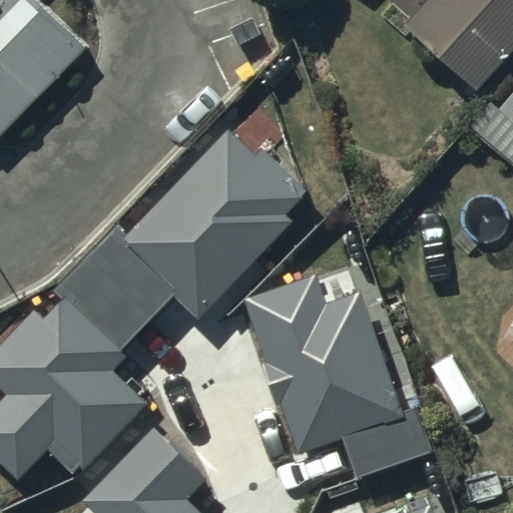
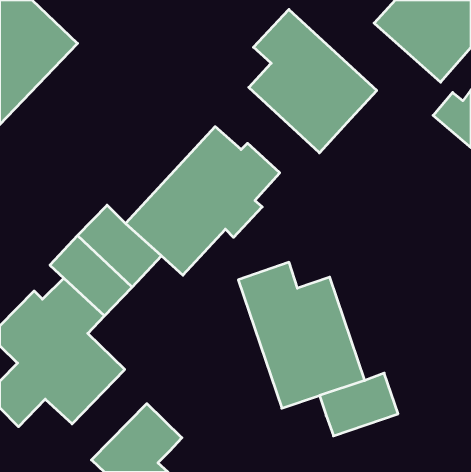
building: none -> [249,9,377,153]

